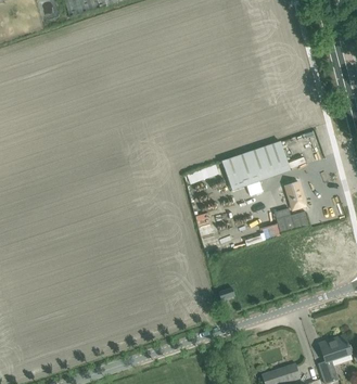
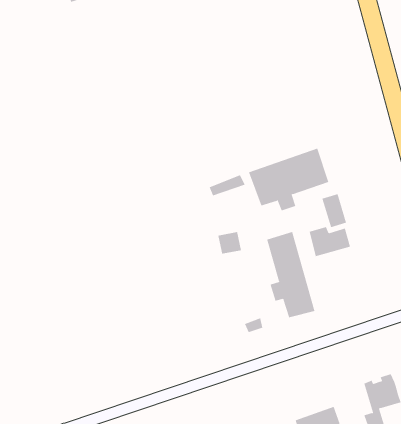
building: none -> [266,231,315,318]

